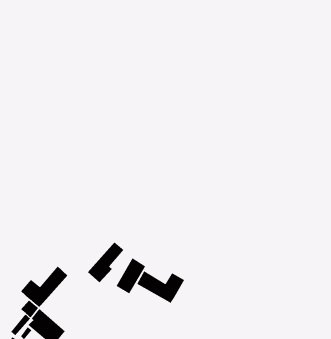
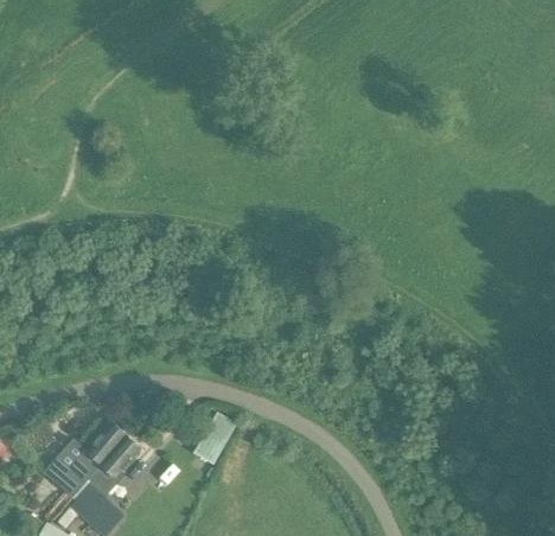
building: [87,241,124,283] -> [85,435,139,494]
building: [136,270,185,304] -> none

